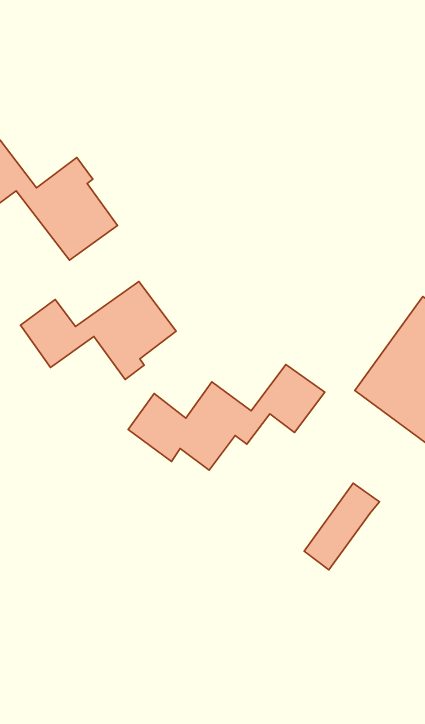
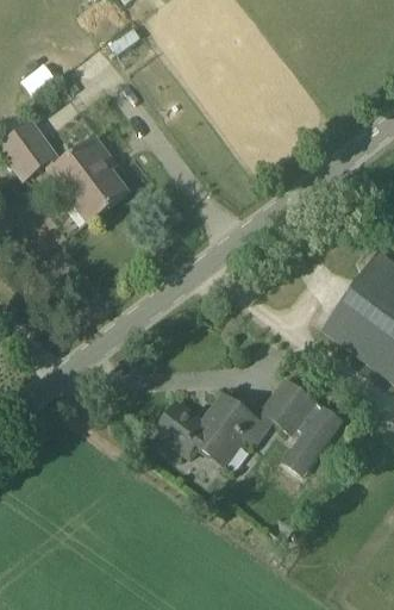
building: [21,282,176,379] -> none
building: [128,365,325,470] -> [155,379,317,466]

